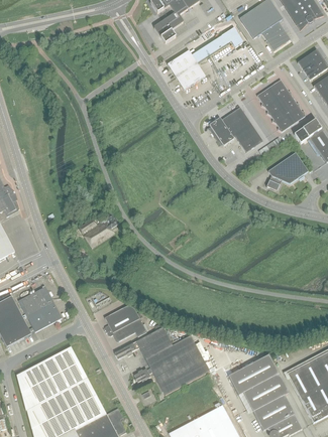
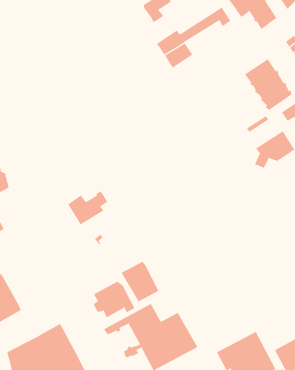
building: [208,107,262,152] -> none
building: none -> [121,261,159,302]
building: [18,286,62,331] -> none

